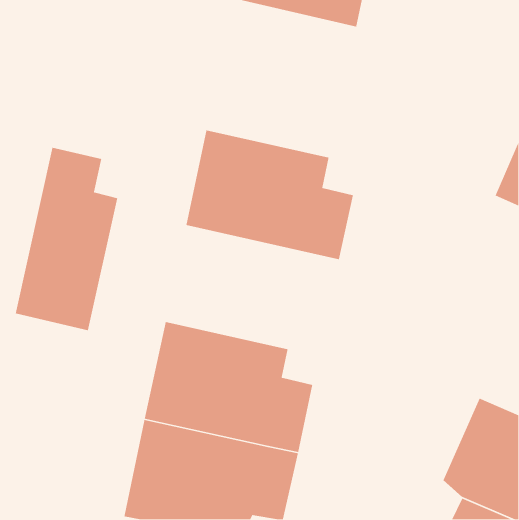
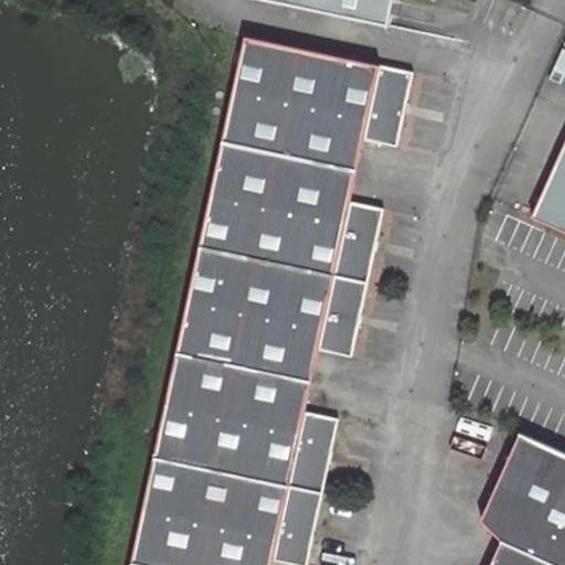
building: none -> [223,38,411,170]
building: [15,147,118,331] -> none
building: none -> [179,244,367,377]

